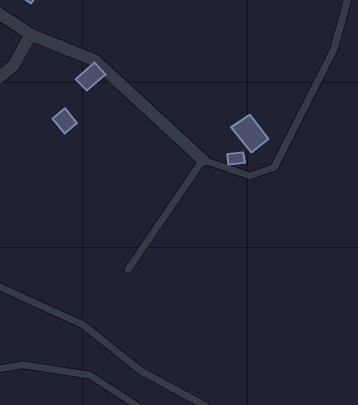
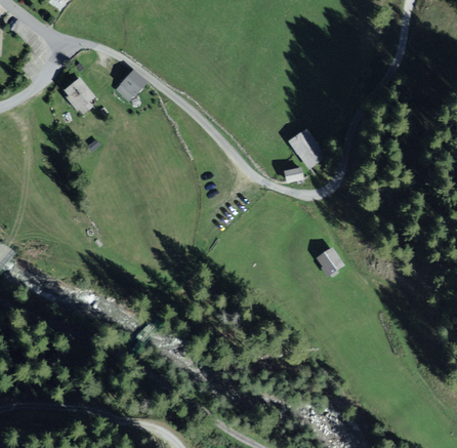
building: [53,108,77,134] -> [68,80,94,108]
building: none -> [314,247,341,275]

